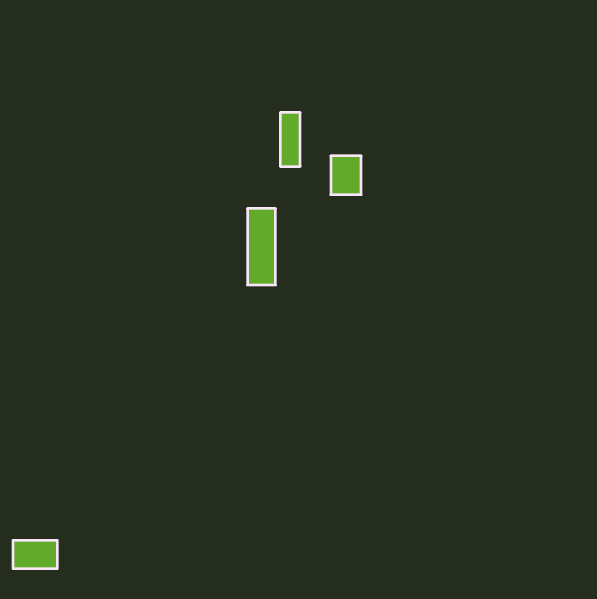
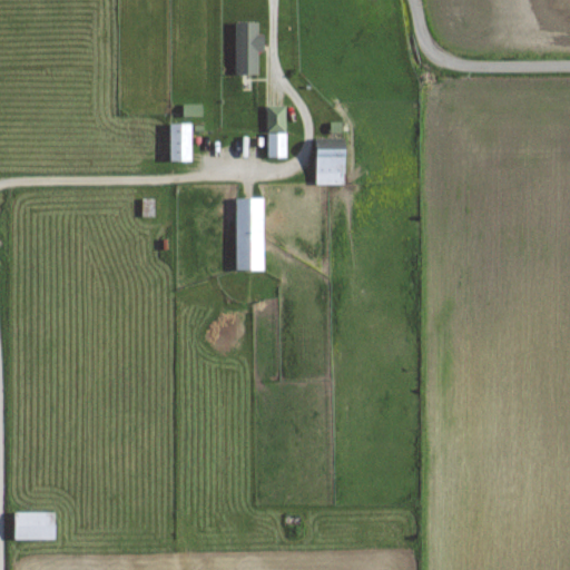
building: none -> [237,22,262,75]
building: none -> [170,124,191,161]

